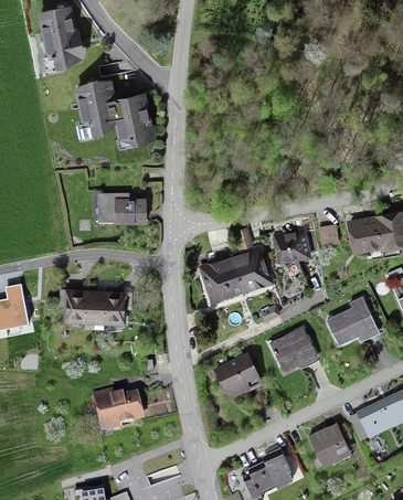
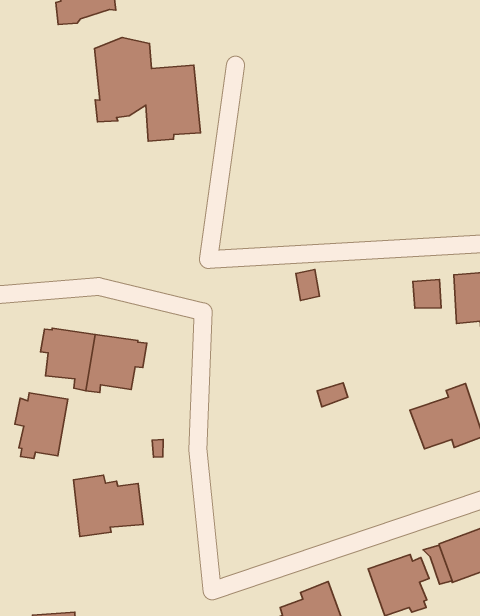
building: [98,193,147,225] -> none
building: [273,228,318,265] -> none
building: [199,245,274,306] -> none
building: [268,327,319,379] -> none
building: none -> [15,393,68,458]
building: [208,352,264,401] -> none

